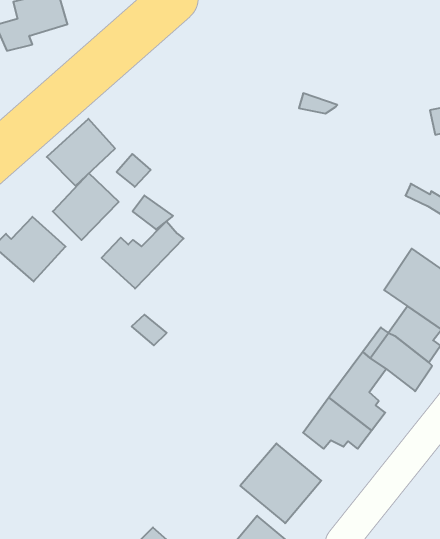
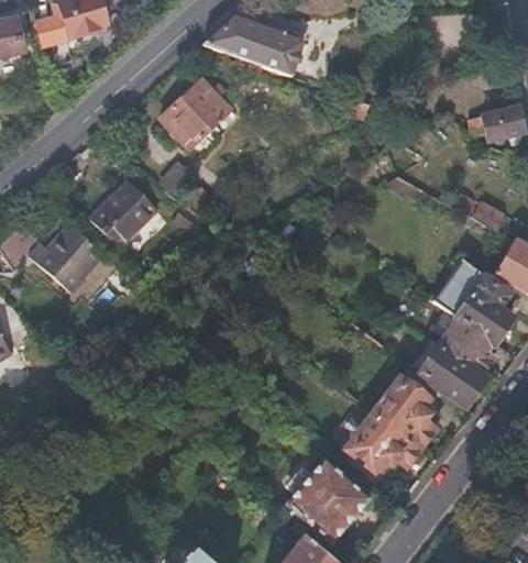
building: none -> [201,15,300,75]
building: [47,119,115,186] -> [160,78,230,147]
building: [102,221,184,289] -> none

